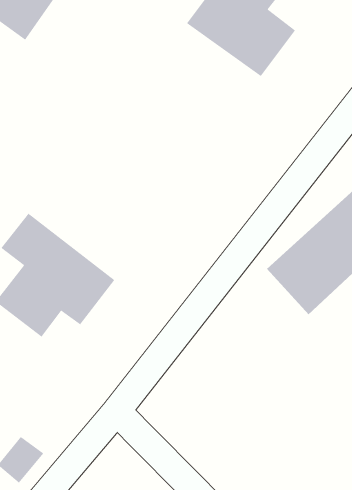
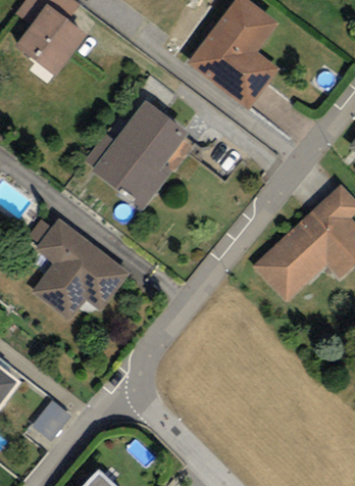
building: none -> [91,99,188,207]

